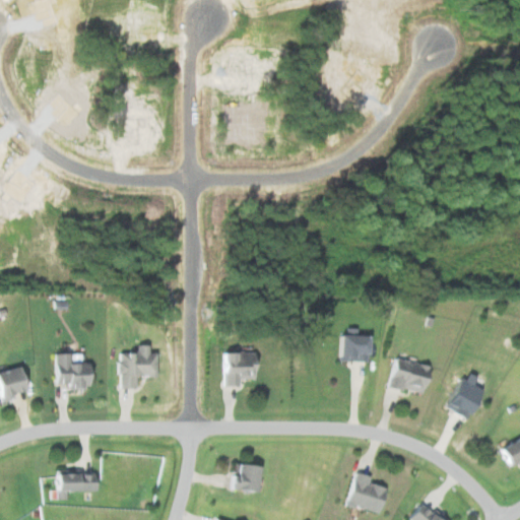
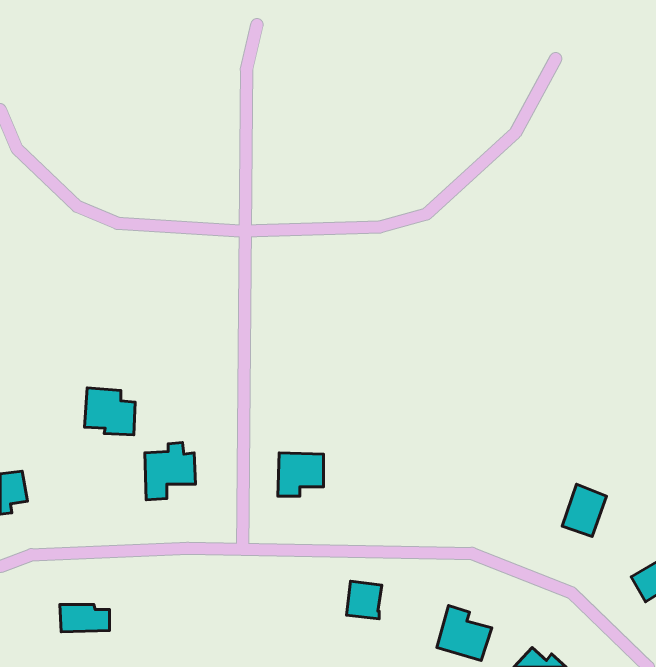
building: [340,335,369,362] -> none
building: [55,352,94,389] -> [84,388,135,435]
building: [389,358,434,395] -> none
building: [233,463,260,493] -> [347,581,382,619]

